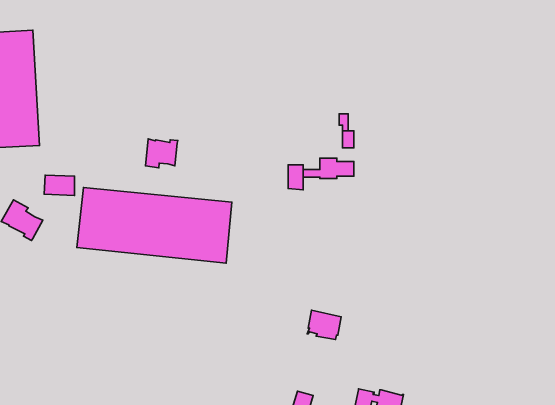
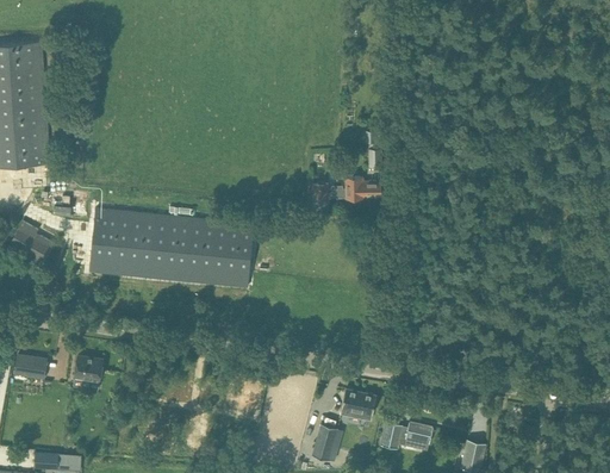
building: [145,139,178,168] -> none
building: [307,310,341,340] -> [340,388,375,419]
building: none -> [13,355,45,378]
building: none -> [73,355,101,380]

